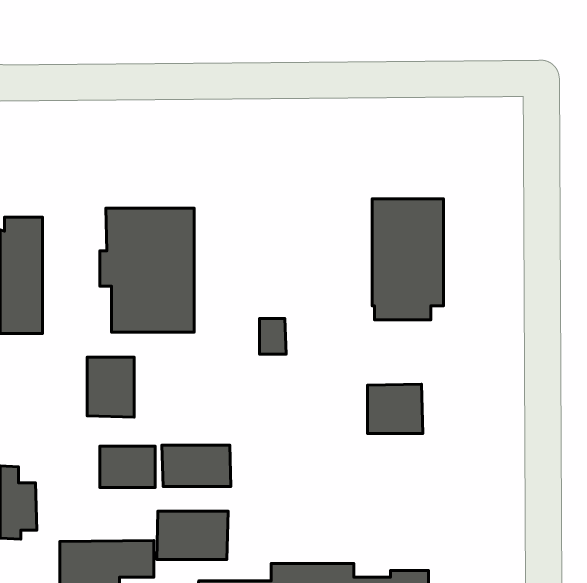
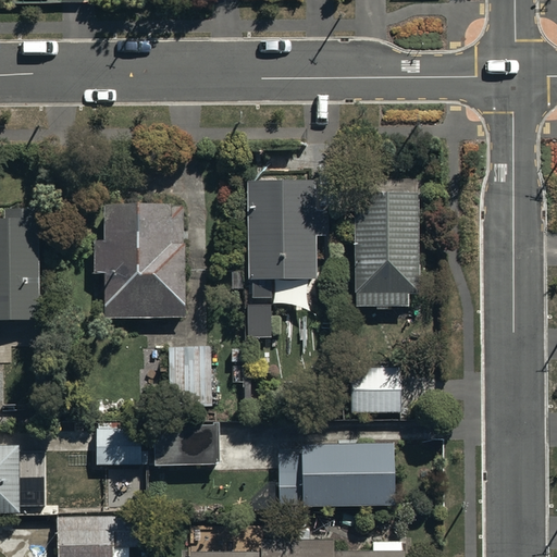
building: none -> [247,181,327,300]
building: [87,357,134,417] -> [166,348,211,405]
building: none -> [278,444,391,505]
building: [157,511,228,560] -> none

